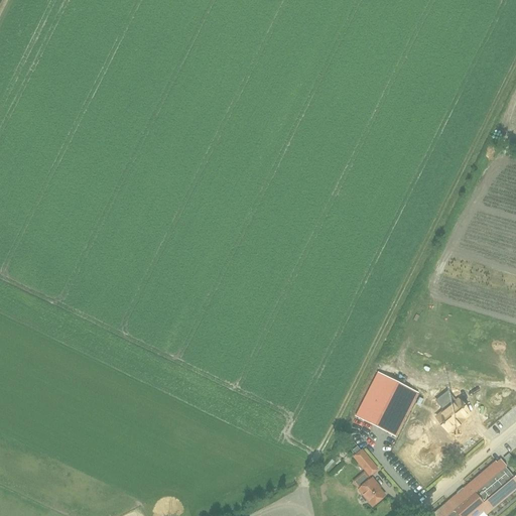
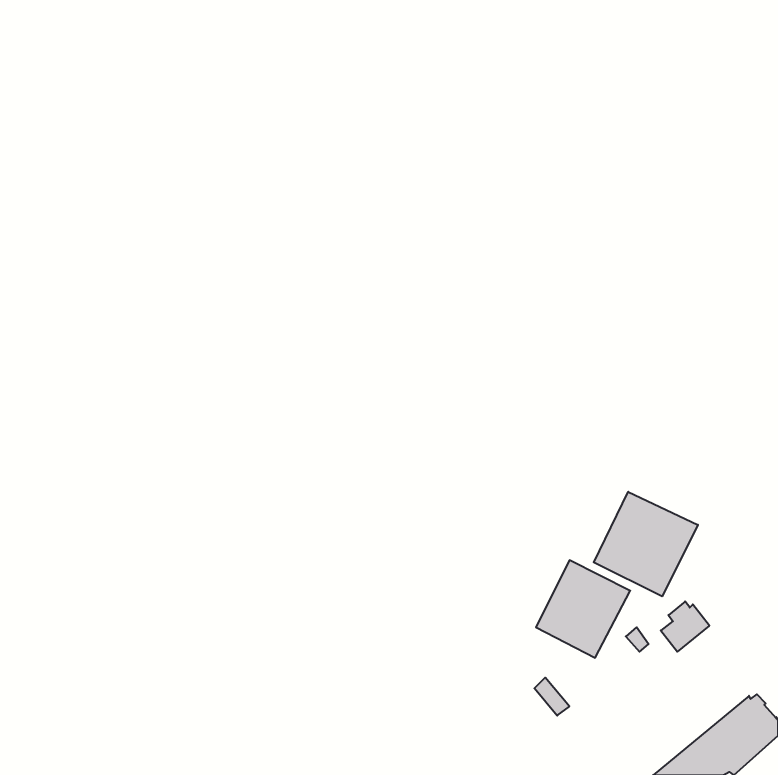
building: none -> [594,492,698,596]
building: [358,477,385,505] -> none

